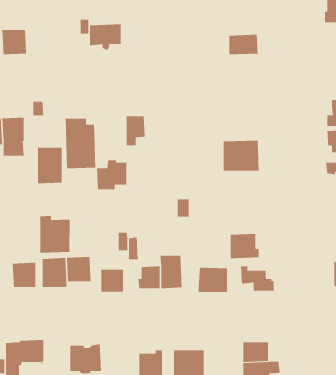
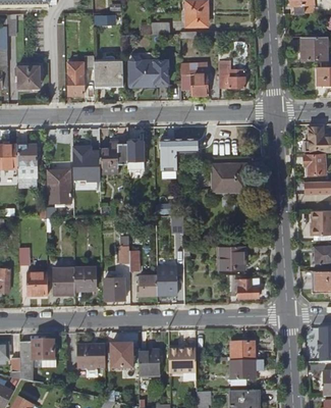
building: none -> [129,56,168,86]
building: none -> [68,62,85,91]
building: none -> [181,63,209,95]
building: none -> [162,138,199,162]
building: [96,160,127,190] -> [100,142,127,168]
building: [40,215,70,254] -> none
building: [198,267,228,293] -> none
building: none -> [111,344,132,366]

